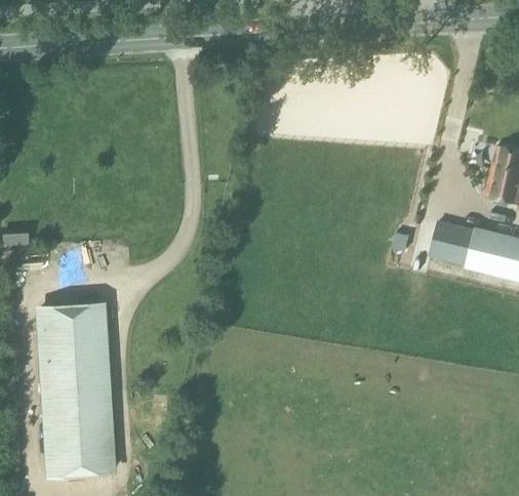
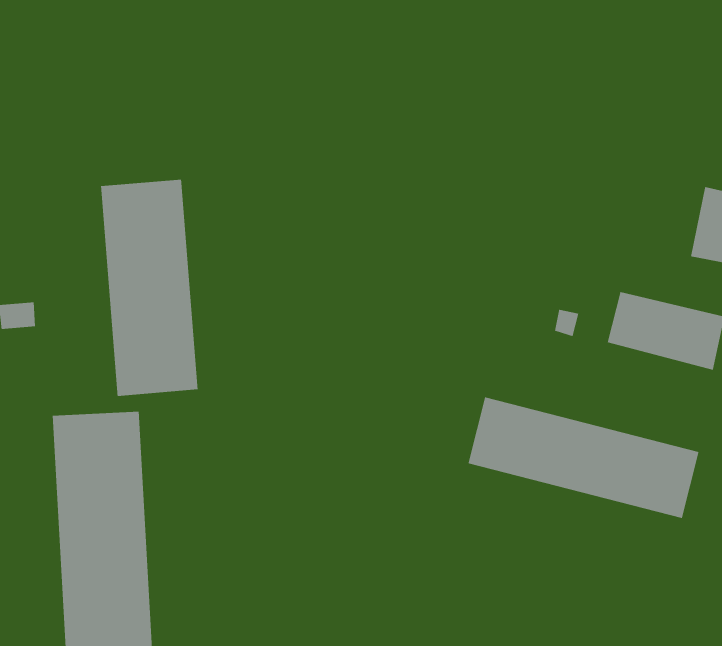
building: none -> [100,179,198,397]
building: none -> [468,397,699,519]

